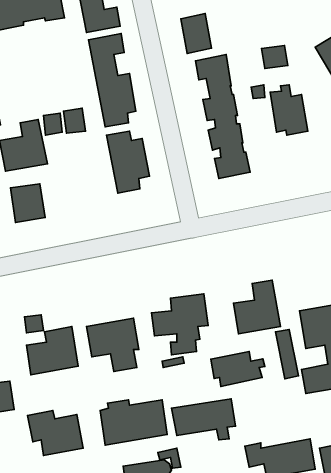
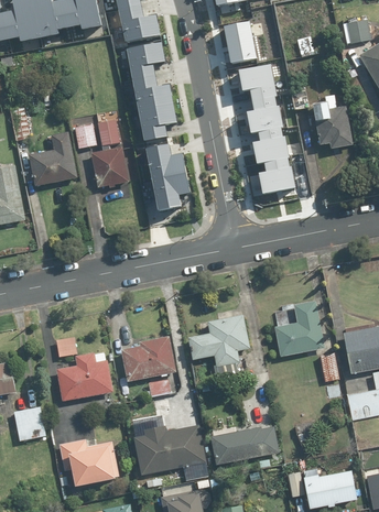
building: [262,45,288,68] -> [343,20,370,44]
building: [10,184,45,223] -> [91,148,128,188]
building: [211,351,265,386] -> none

